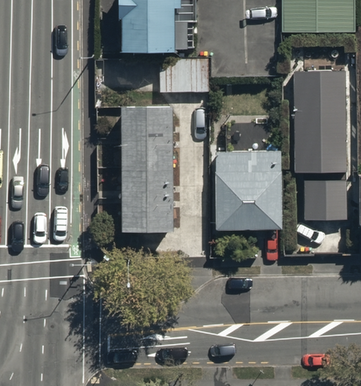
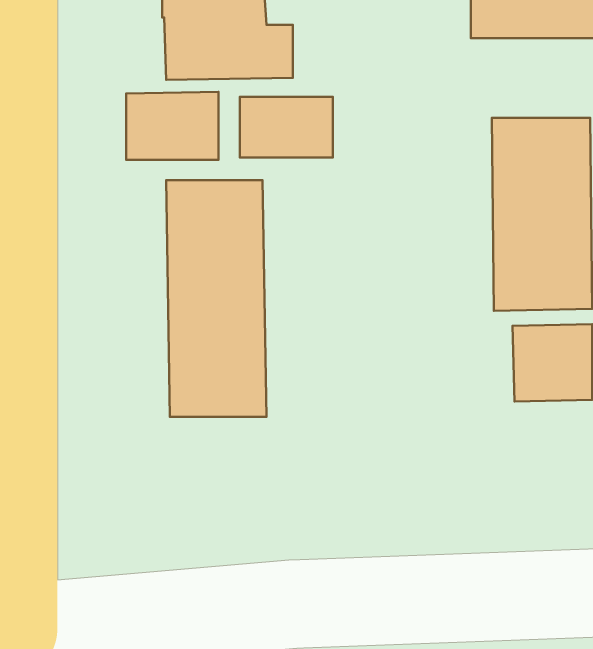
building: none -> [126,92,219,160]
building: [214,135,282,229] -> none

